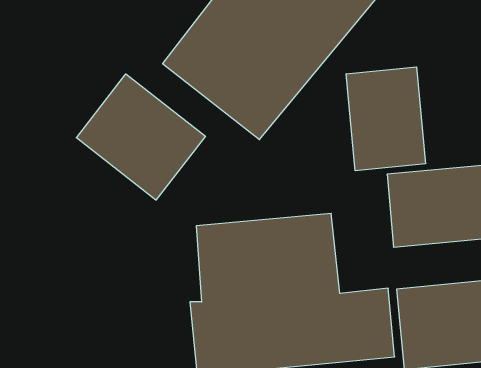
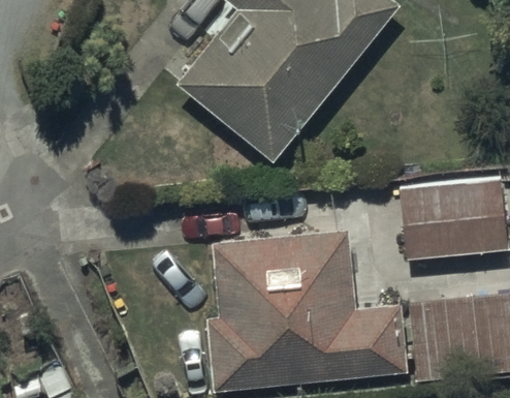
building: [346,67,425,171] -> none
building: [76,74,205,200] -> none

